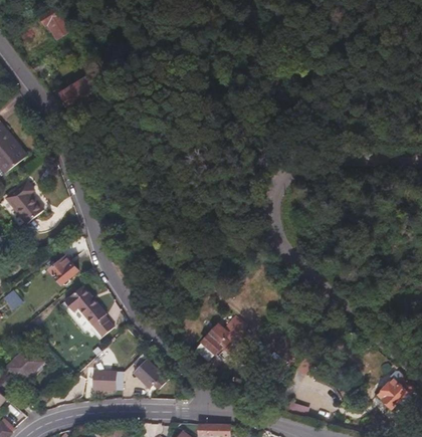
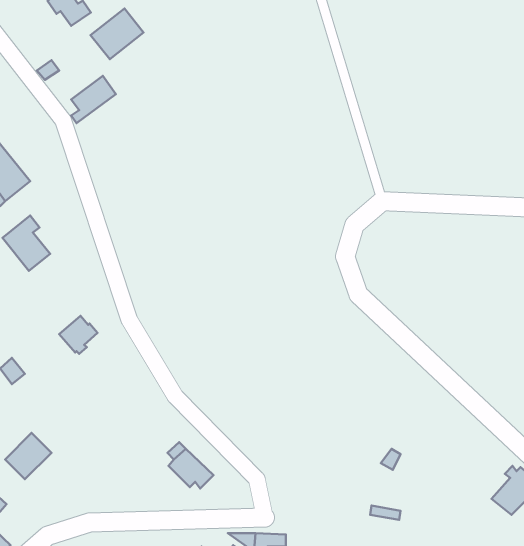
building: none -> [91,8,144,59]
building: [64,286,115,339] -> none
building: [204,317,251,354] -> none
building: [90,370,115,389] -> none

